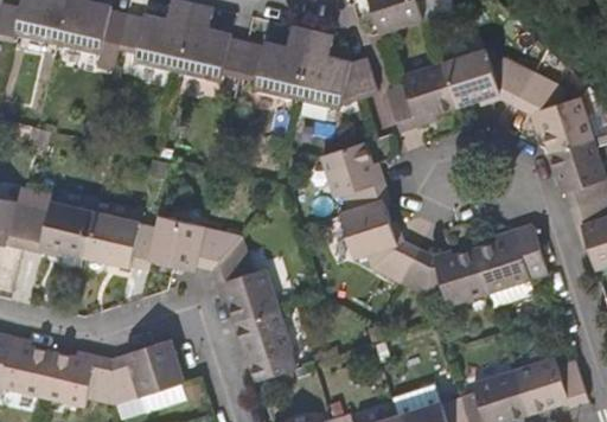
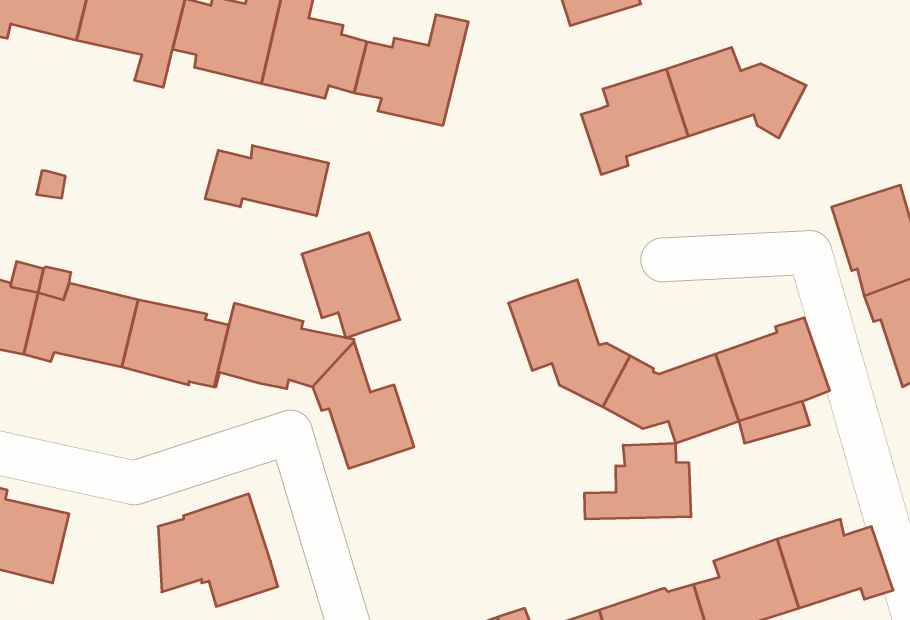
building: [296,30,378,108] -> none
building: [516,71,595,151] -> none
building: none -> [205,145,329,216]
building: [320,141,384,210] -> [302,233,400,338]
building: none -> [585,443,691,519]
building: [235,307,294,379] -> none
building: [41,351,113,405] -> none

